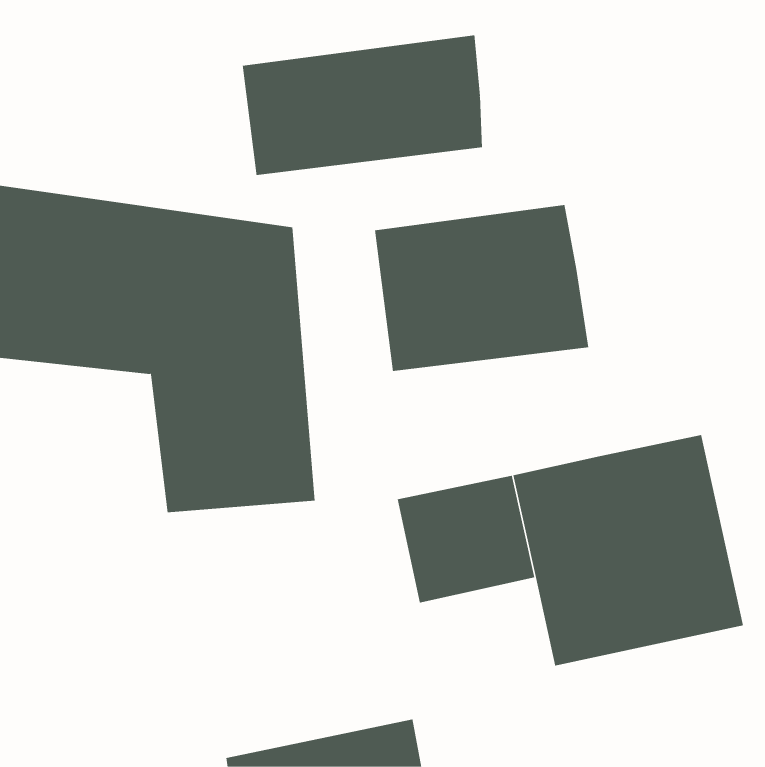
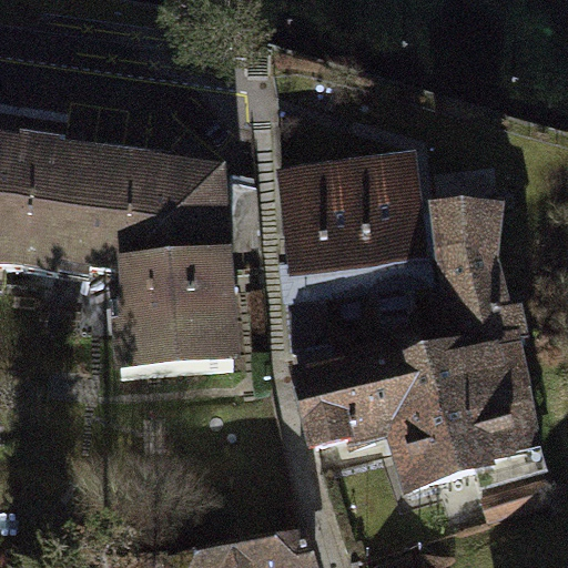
building: [242,35,483,176] -> none
building: none -> [426,199,518,336]

